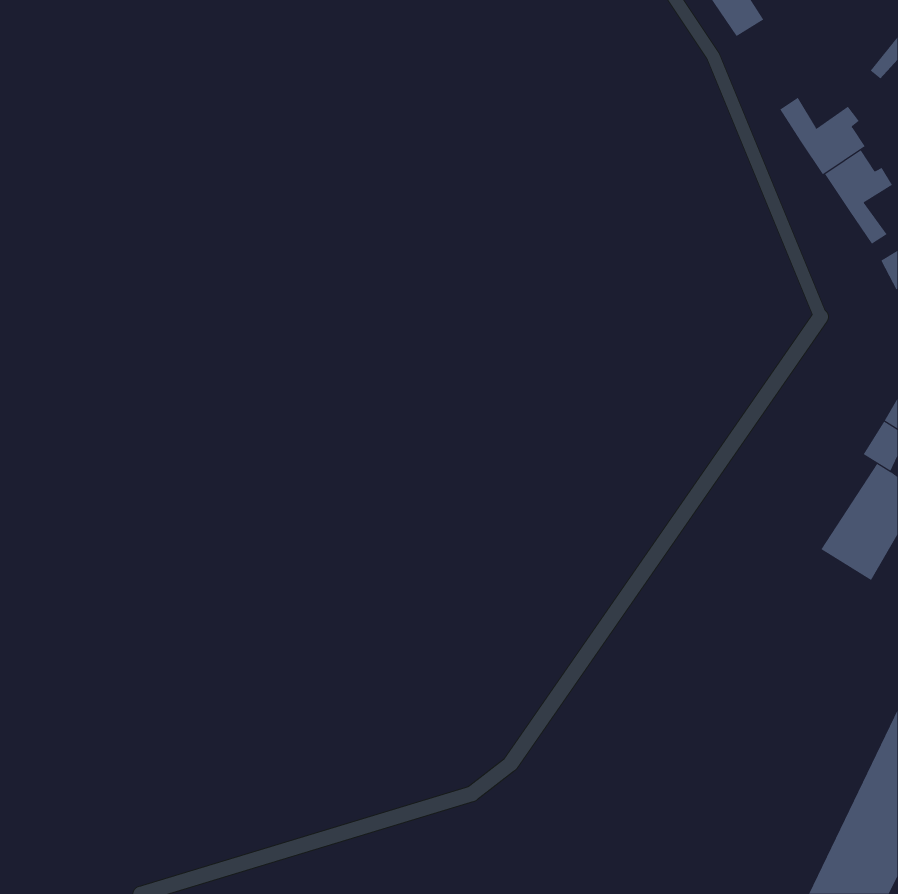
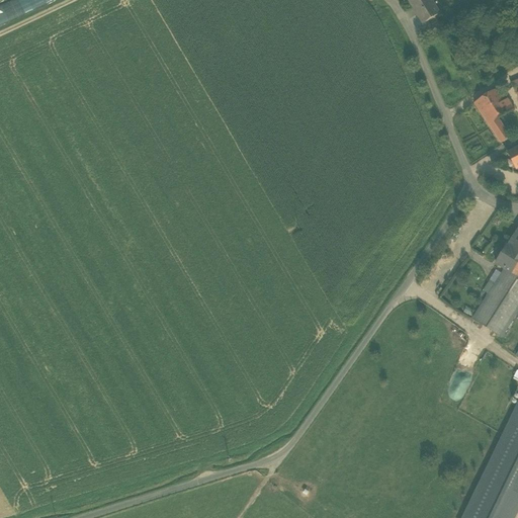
building: [779,97,866,175] -> none

